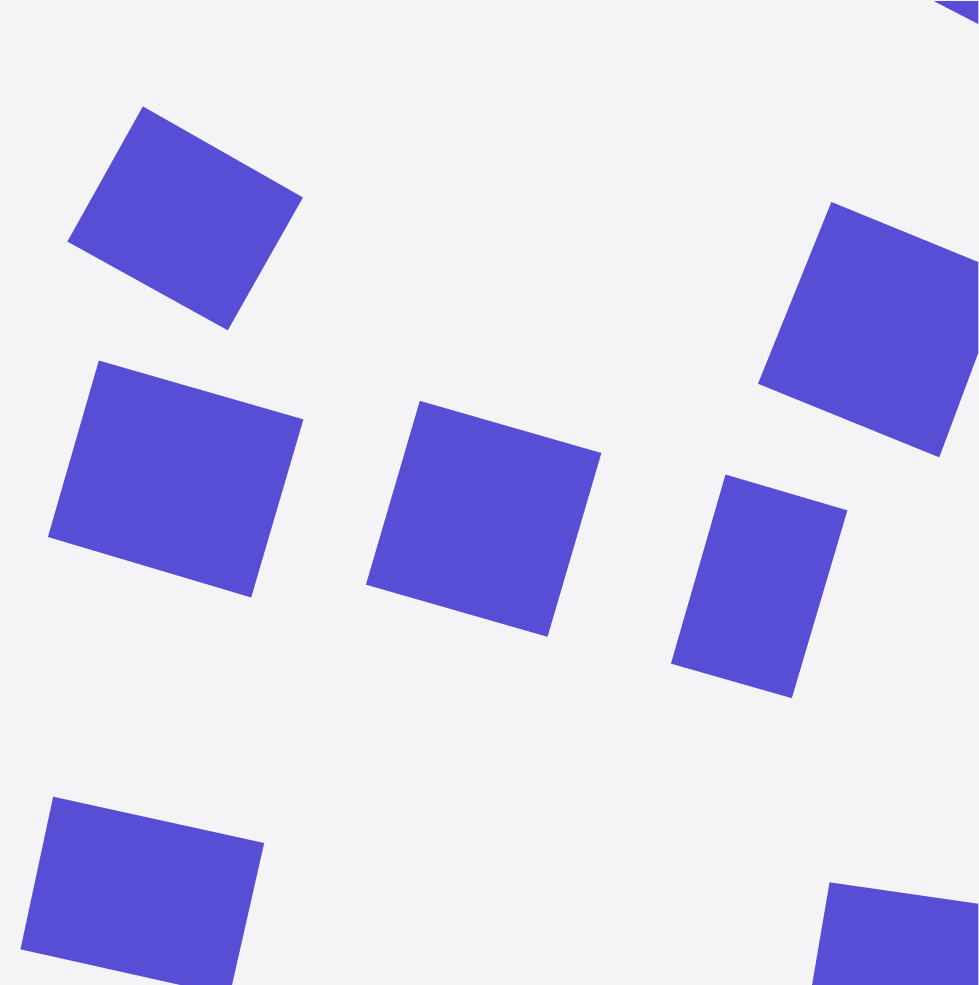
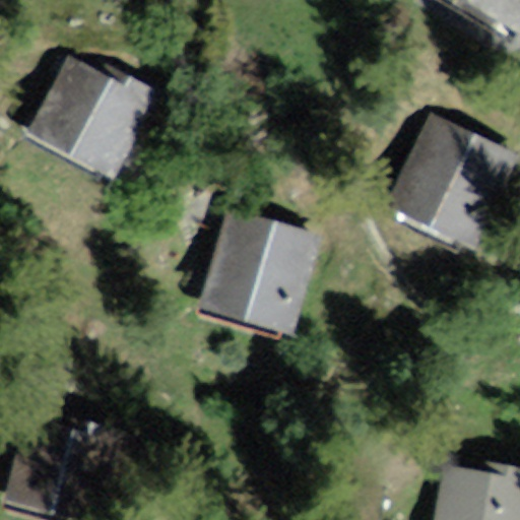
building: [47,360,305,598] -> none
building: [670,474,848,699] -> none

